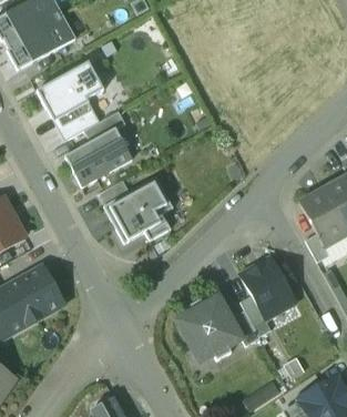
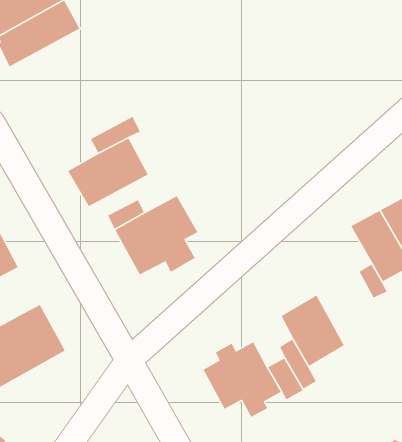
building: [37,61,103,125] -> none

